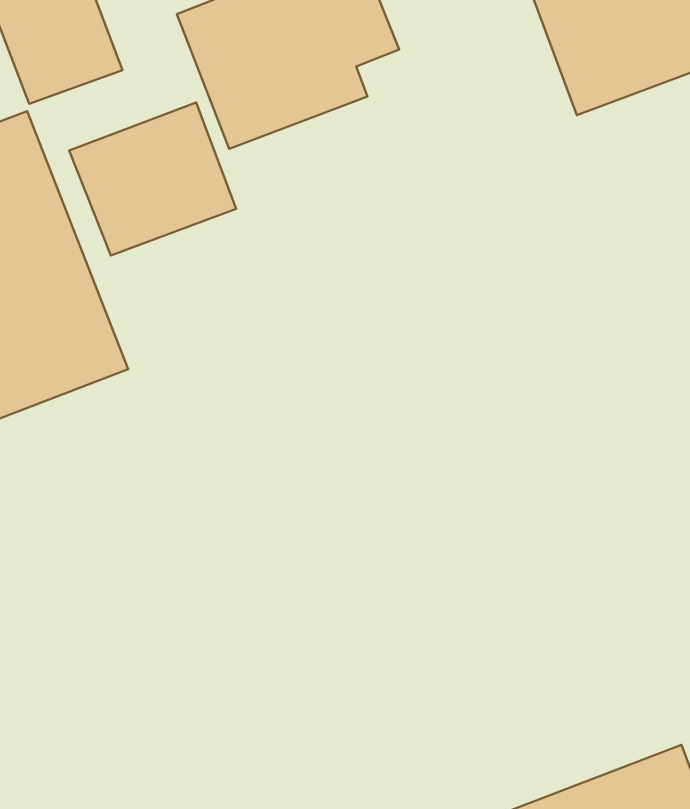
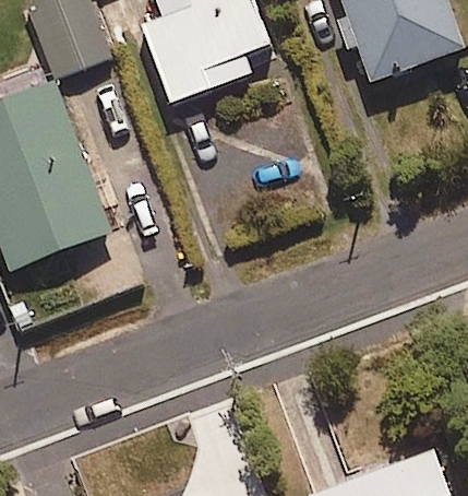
building: [69,103,236,255] -> none

